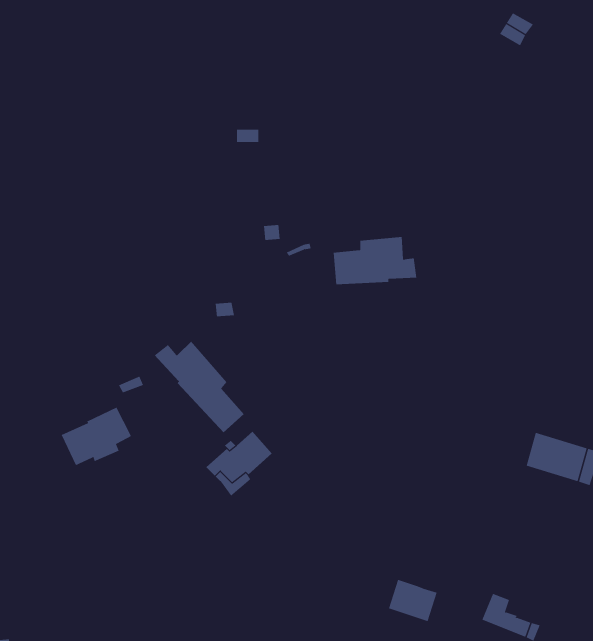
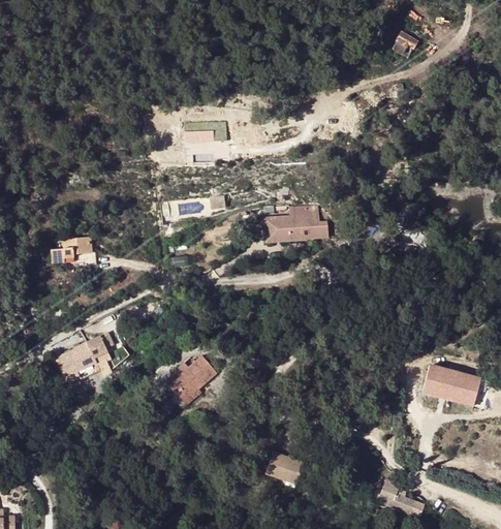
building: none -> [51,238,93,264]
building: [154,341,244,433] -> none
building: [388,579,438,622] -> [264,452,303,485]

